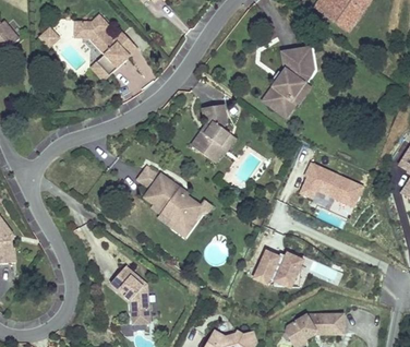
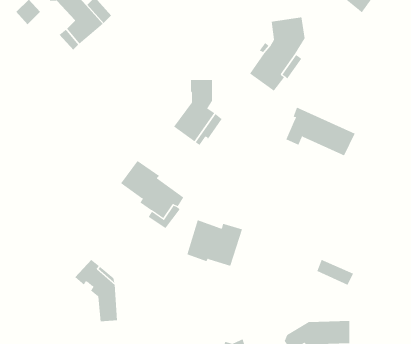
building: [311,168,374,213] -> [286,107,355,156]
building: [261,251,312,294] -> [186,220,243,267]

